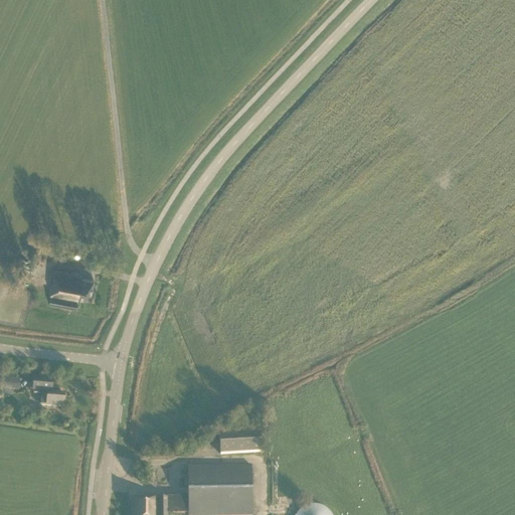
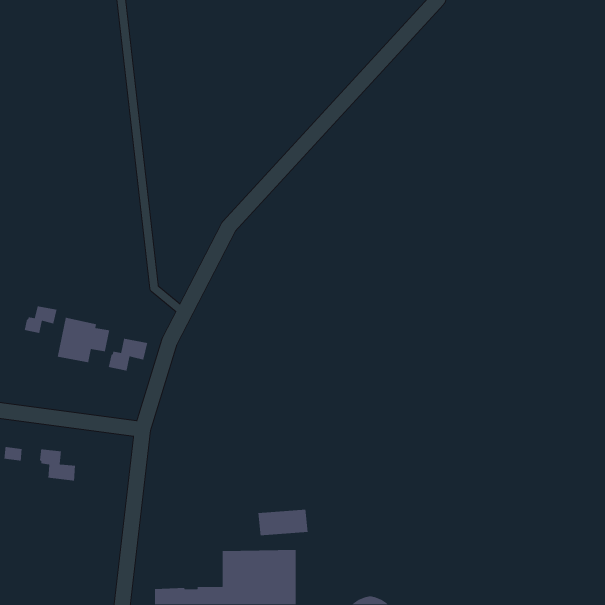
building: none -> [24,305,57,334]
building: none -> [108,338,148,371]

